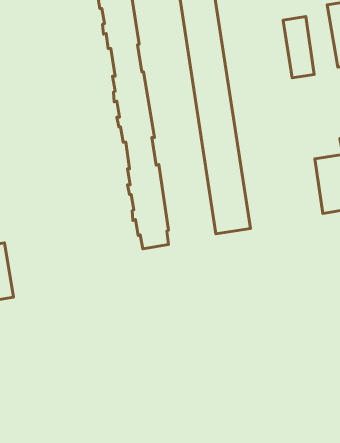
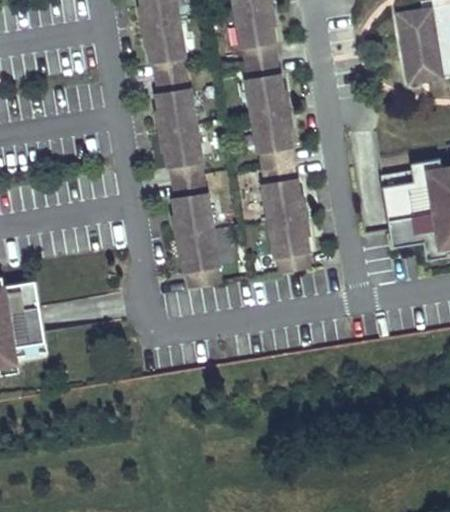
building: [283,16,314,78] -> none

